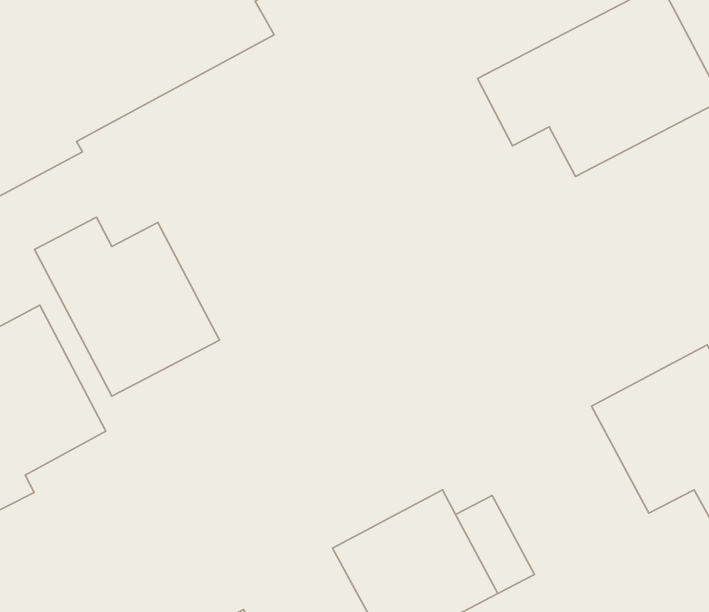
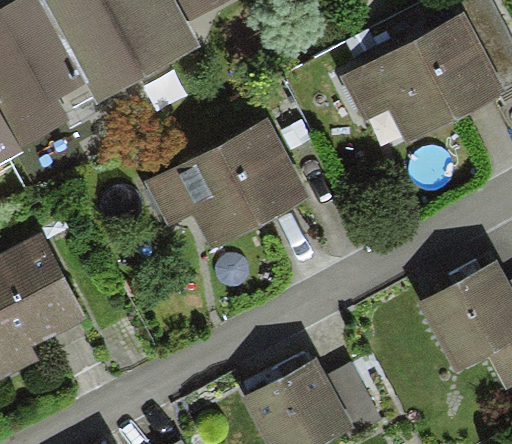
building: none -> [143,117,311,250]
building: [35,217,220,396] -> none

